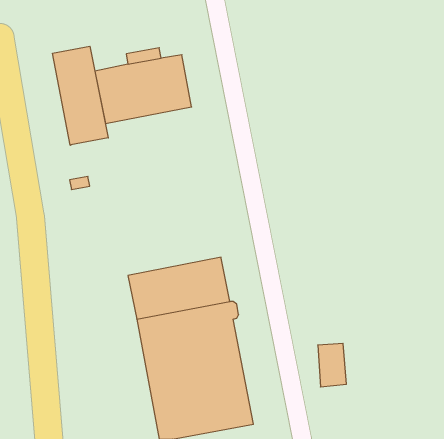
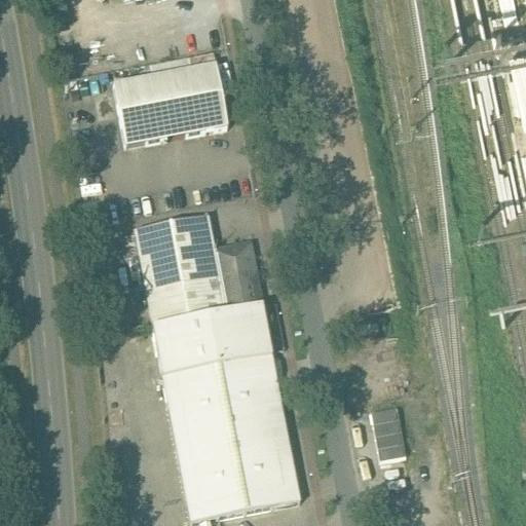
building: [53,46,108,145] -> none
building: none -> [134,215,262,326]

